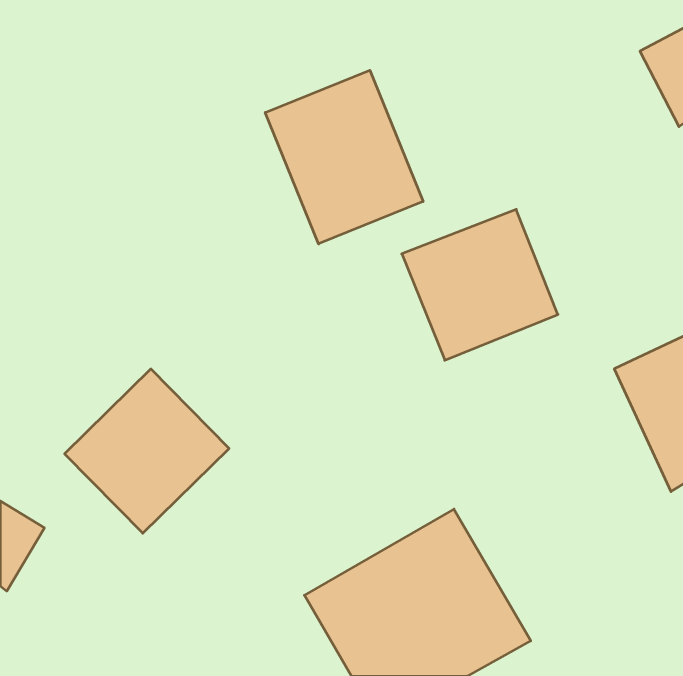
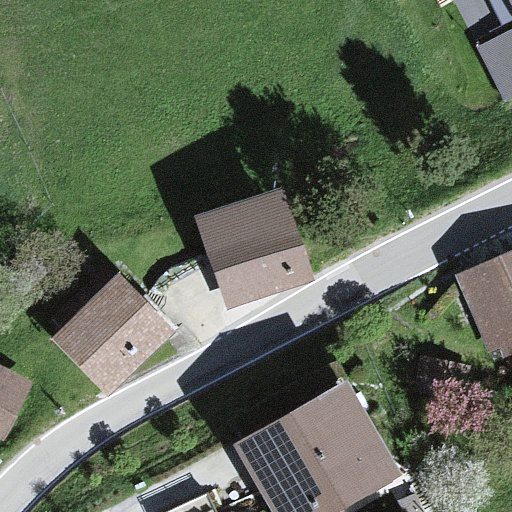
building: [265,70,423,244] -> none
building: [402,209,558,360] -> [199,201,315,313]

